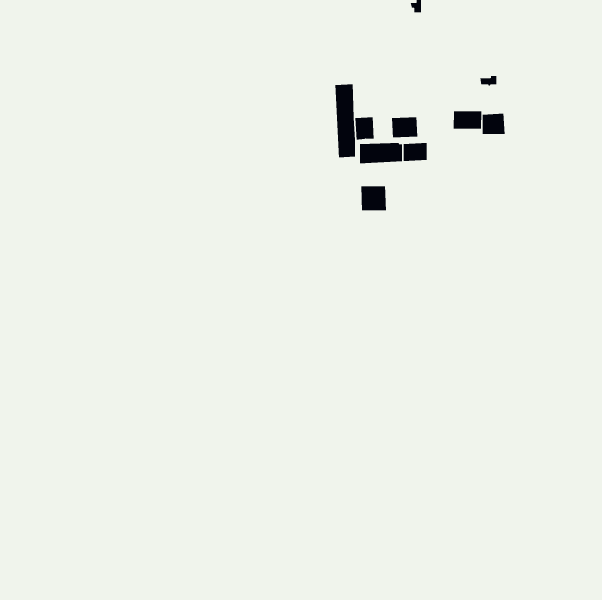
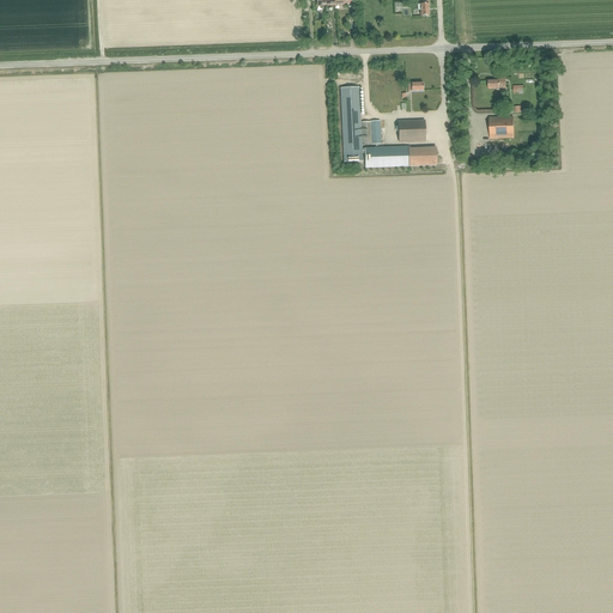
building: [453,111,482,129] -> none
building: [361,185,386,211] -> none

